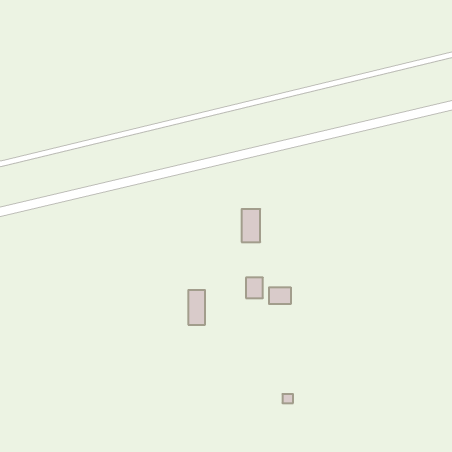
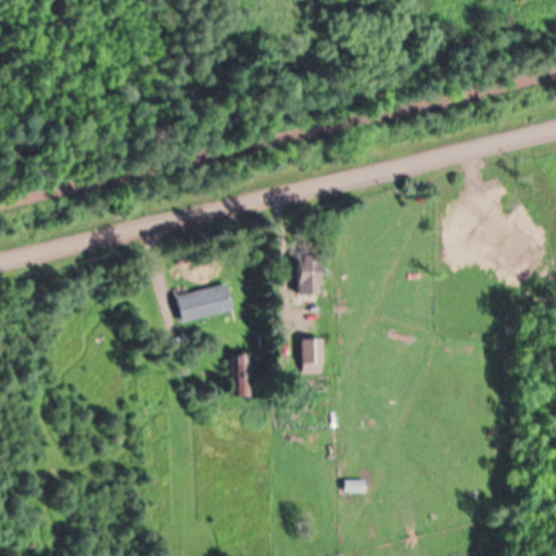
building: none -> [177,286,233,320]
building: [269,287,291,304] -> none

